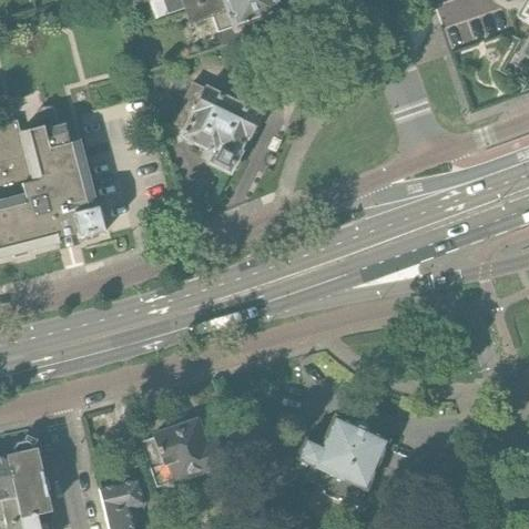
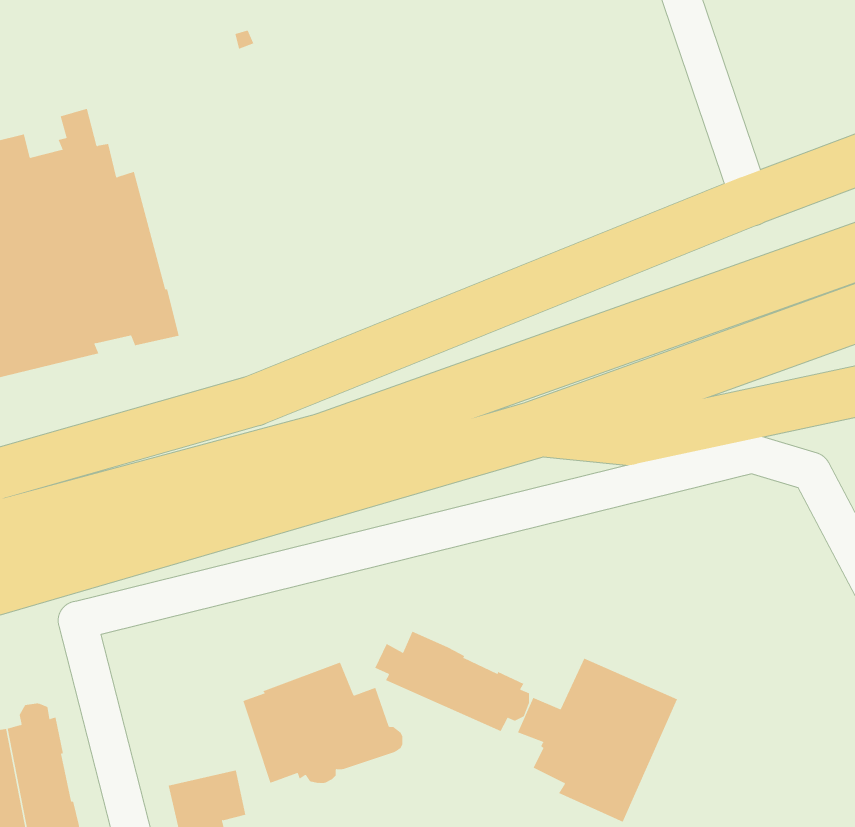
building: [156,81,258,171] -> none
building: none -> [375,631,530,732]

